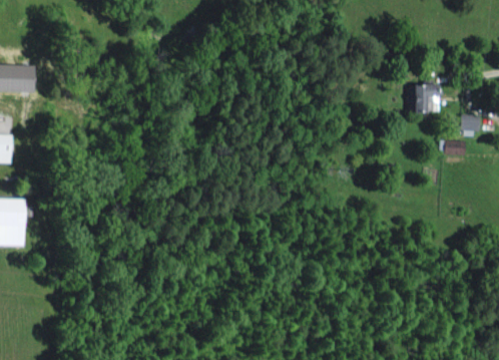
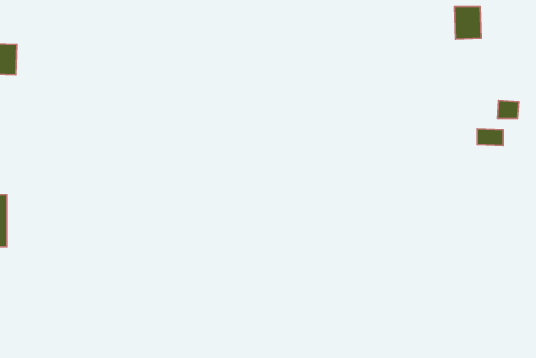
building: [410,84,434,113] -> [454,7,481,39]

